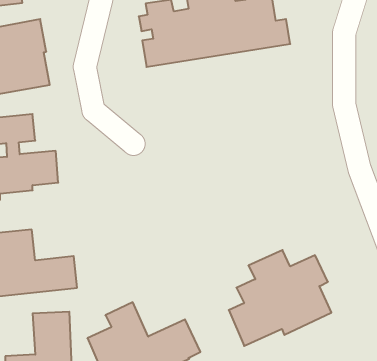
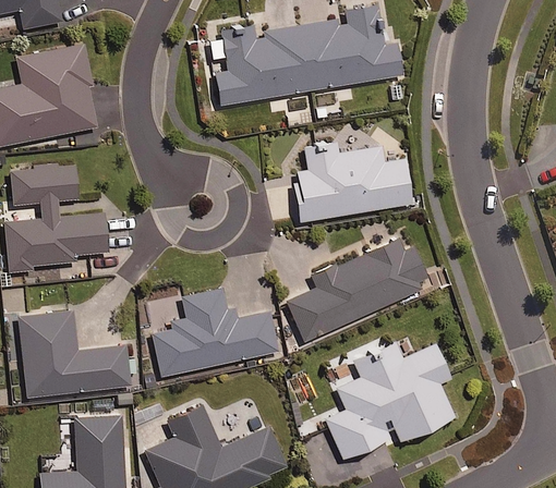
building: none -> [294,143,411,222]
building: none -> [288,236,427,342]
building: none -> [152,288,278,377]

